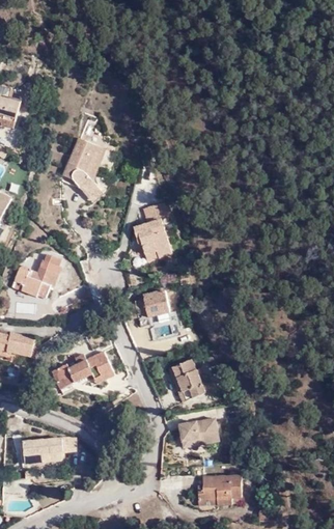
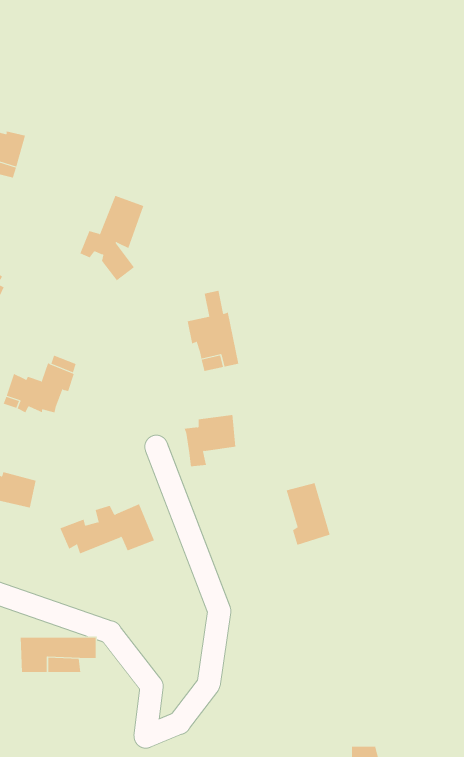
building: [167,362,197,405] -> [286,483,330,545]
building: [174,425,211,451] -> none
building: [192,477,234,512] -> none

